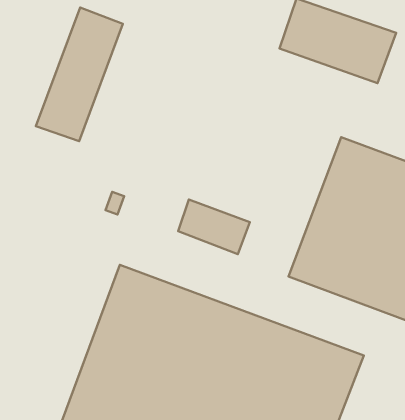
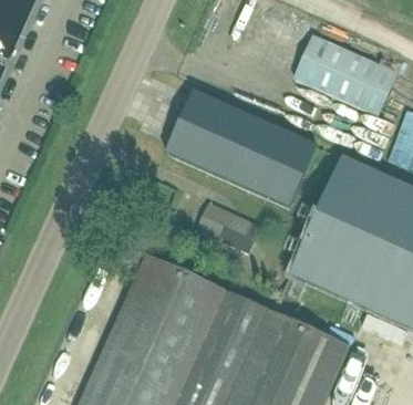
building: [36,8,123,141] -> none
building: none -> [166,90,316,205]

